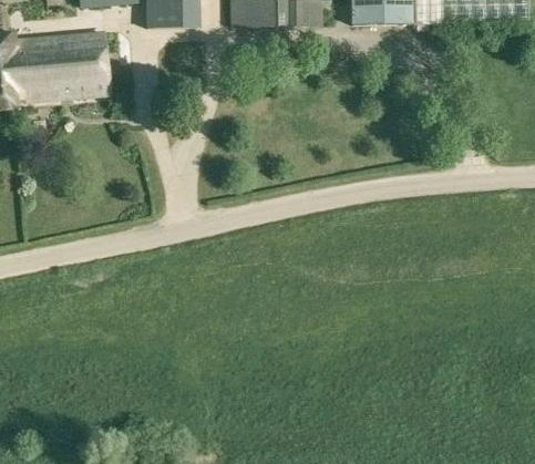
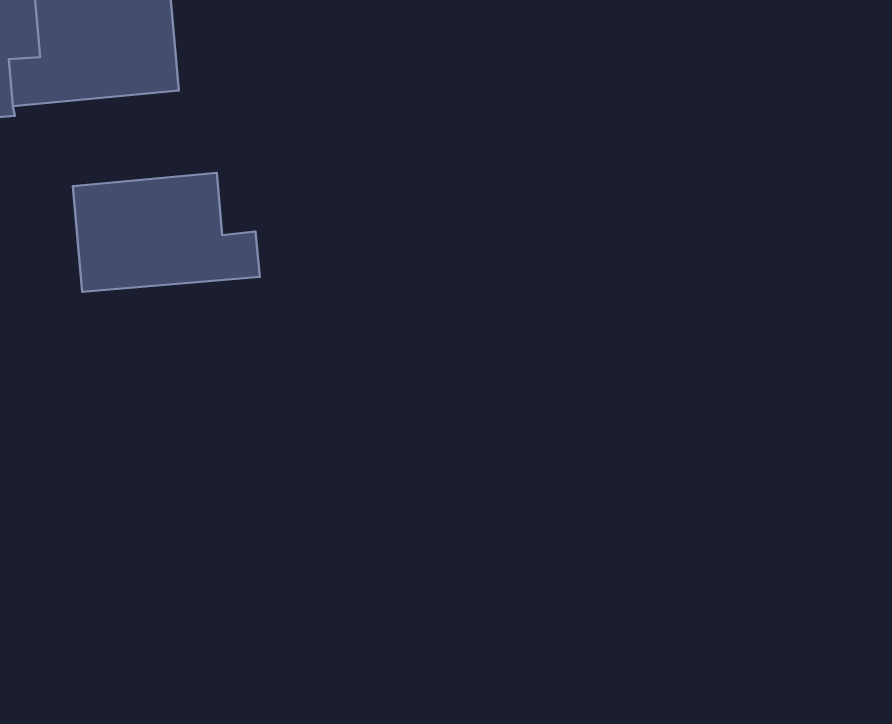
building: none -> [73,173,260,292]

